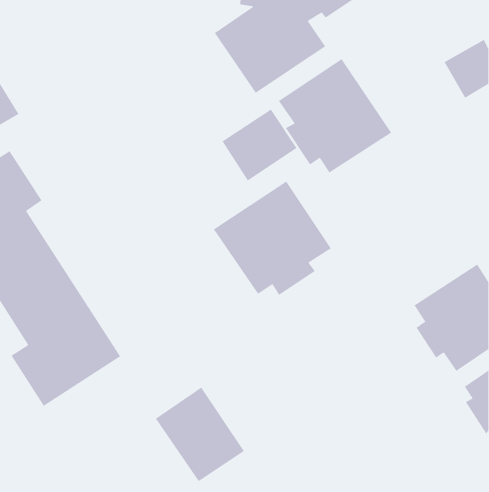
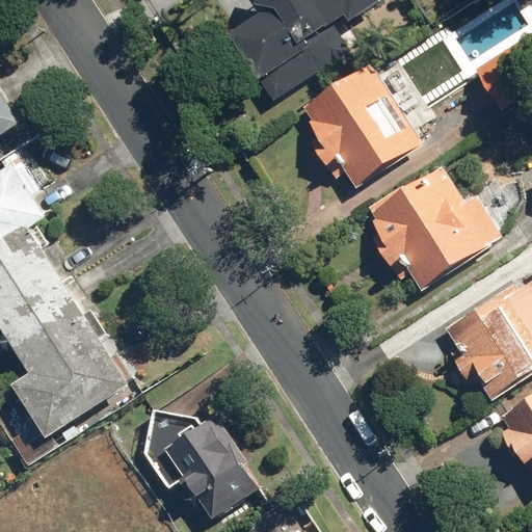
building: [221,109,298,181] -> none
building: none -> [366,164,501,288]
building: [213,181,332,296] -> none

